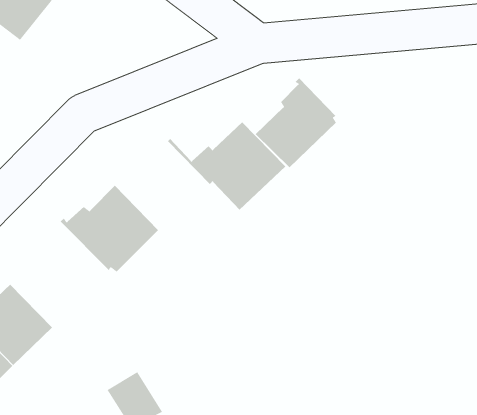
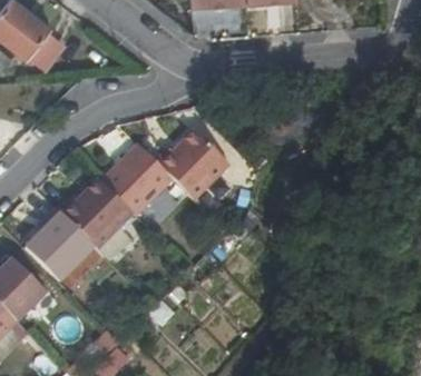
building: [255,78,337,168] -> none
building: none -> [98,144,173,214]
building: none -> [26,207,94,280]

